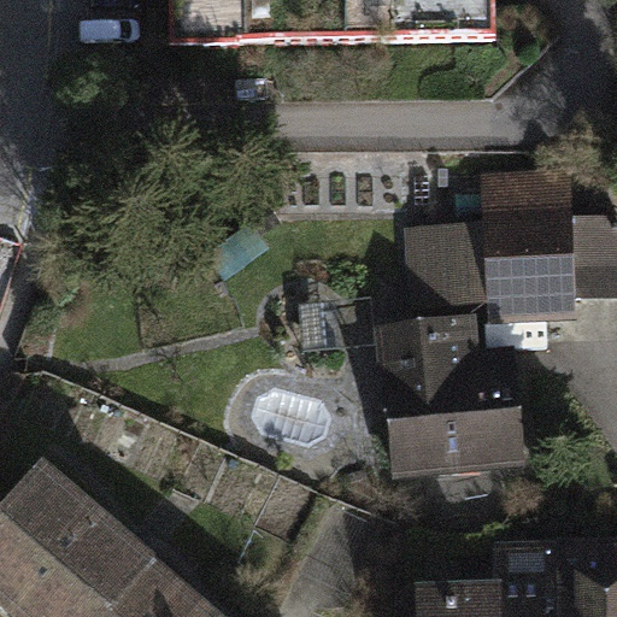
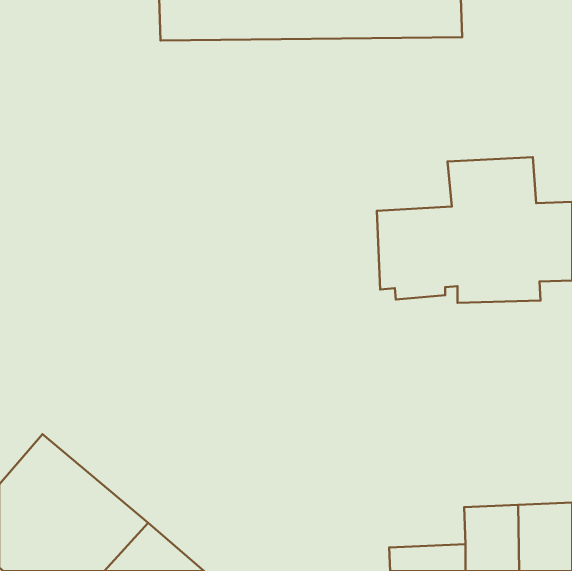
building: [381,317,529,482] -> none

